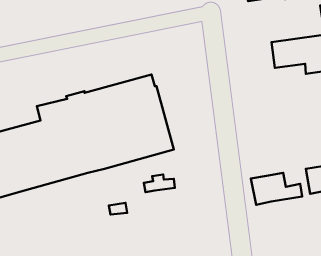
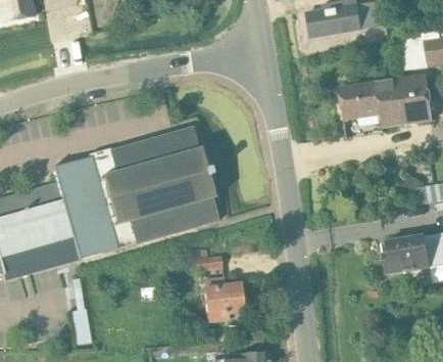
building: [251,173,302,205] -> none
building: none -> [203,277,244,324]

